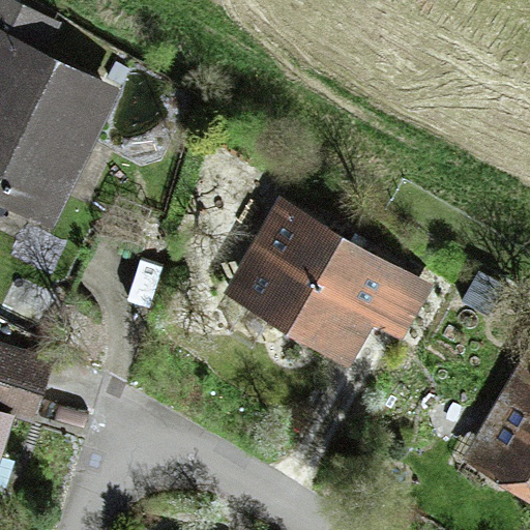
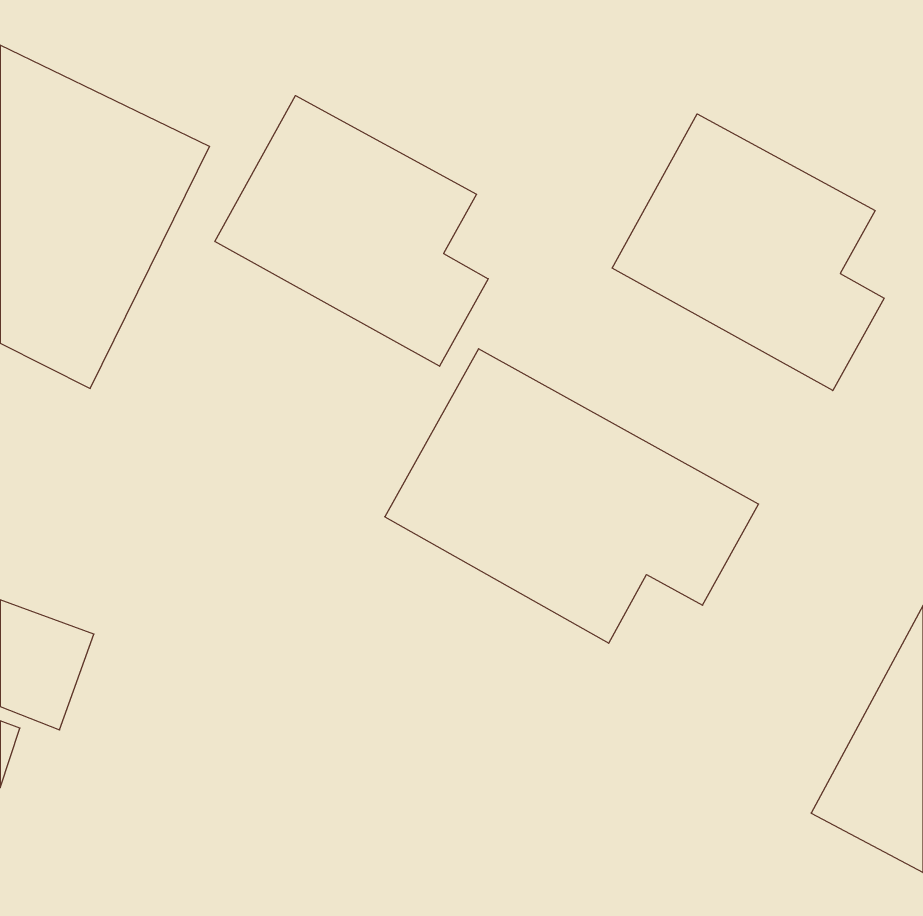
building: none -> [215,96,488,366]
building: none -> [612,114,884,391]

